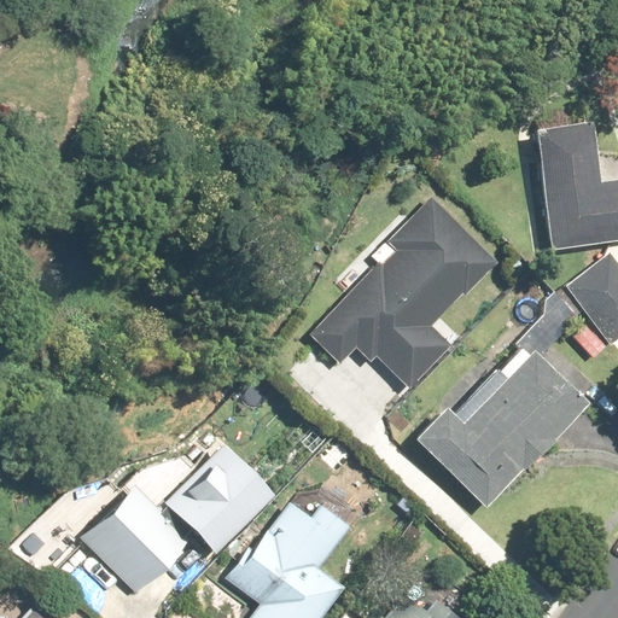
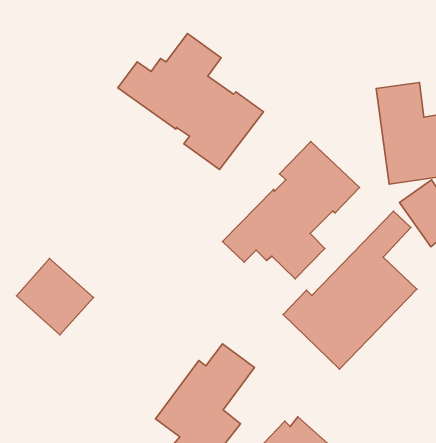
building: none -> [118,34,264,170]
building: [162,447,269,554] -> none
building: [77,484,185,590] -> [16,258,94,335]

